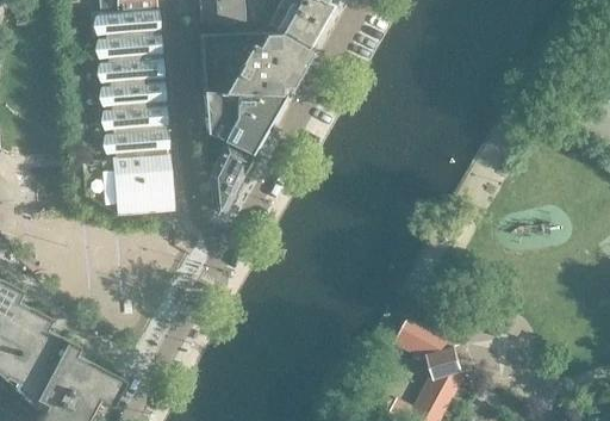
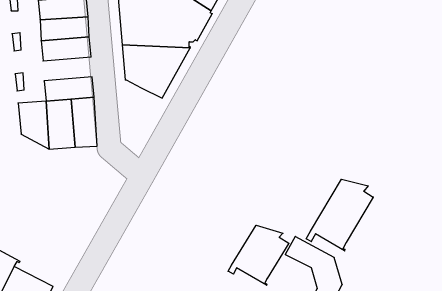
building: [108,105,167,134] -> none
building: [208,142,253,213] -> none
building: none -> [306,179,373,251]
building: none -> [228,225,289,285]

